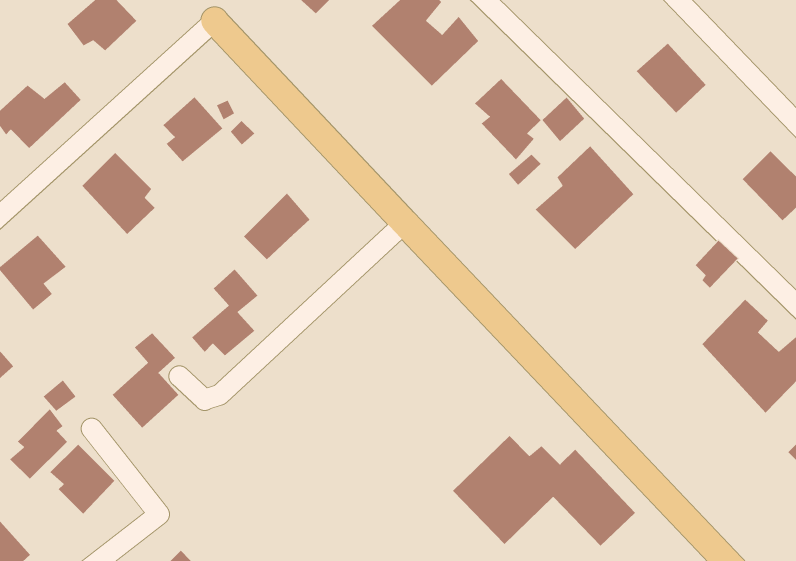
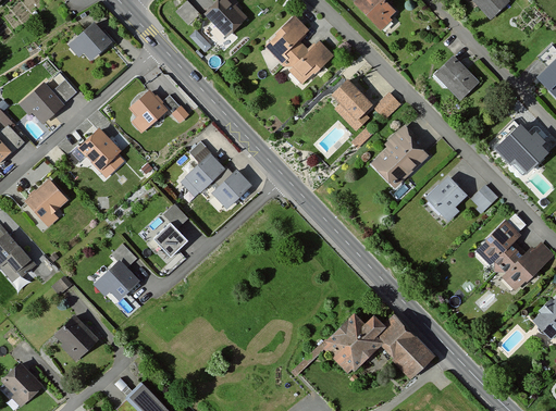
building: none -> [211,169,251,209]
building: none -> [425,174,469,222]
building: [9,409,68,479] -> none

